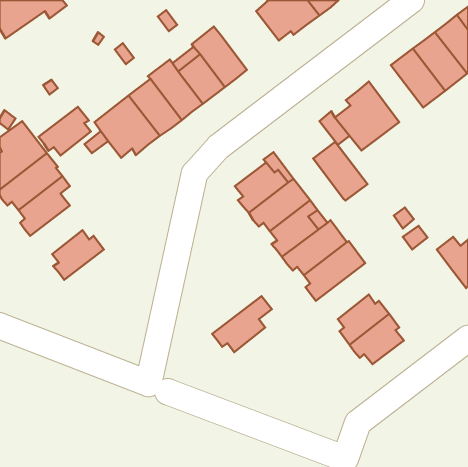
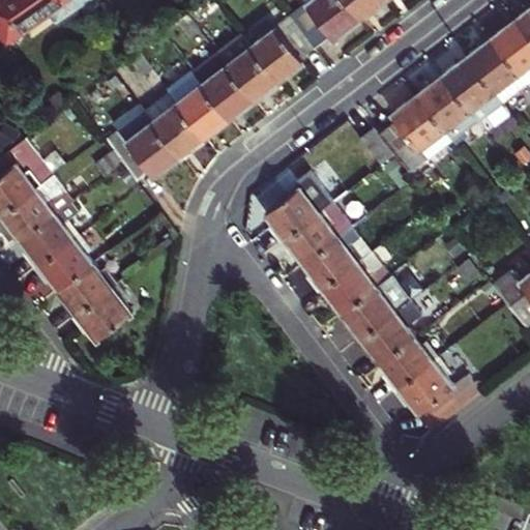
building: none -> [251,14,315,81]
building: [38,107,91,155] -> [34,234,93,289]
building: [313,142,367,201] -> [416,76,477,142]
building: none -> [72,284,132,340]
building: [212,296,272,352] -> [356,299,423,362]
building: none -> [420,375,482,430]

